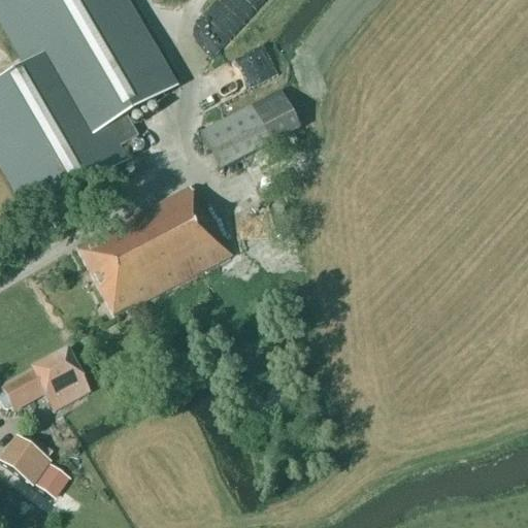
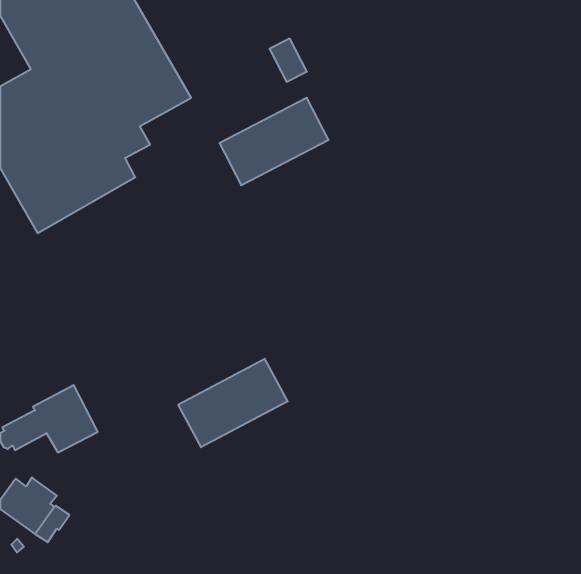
building: [75,185,230,316] -> none
building: none -> [178,359,288,447]

